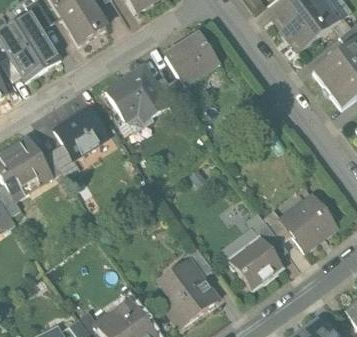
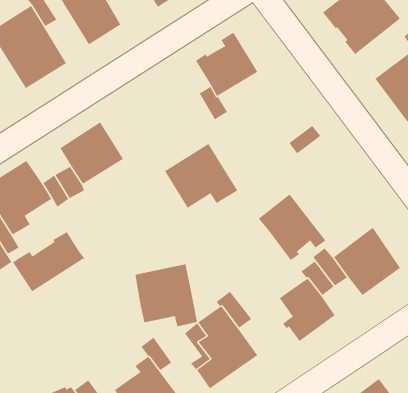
building: [107,66,168,120] -> [164,143,238,209]
building: none -> [258,193,326,261]
building: none -> [12,231,85,292]
building: none -> [135,263,198,327]

